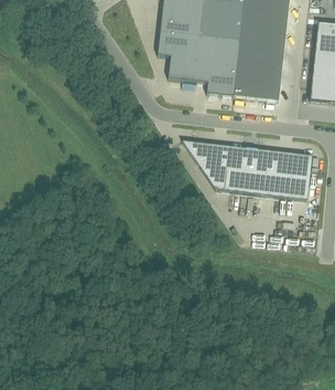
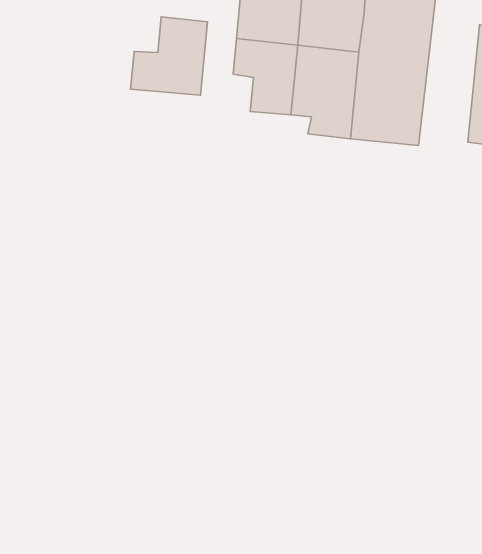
building: none -> [130,17,208,95]
building: [182,139,313,199] -> none

